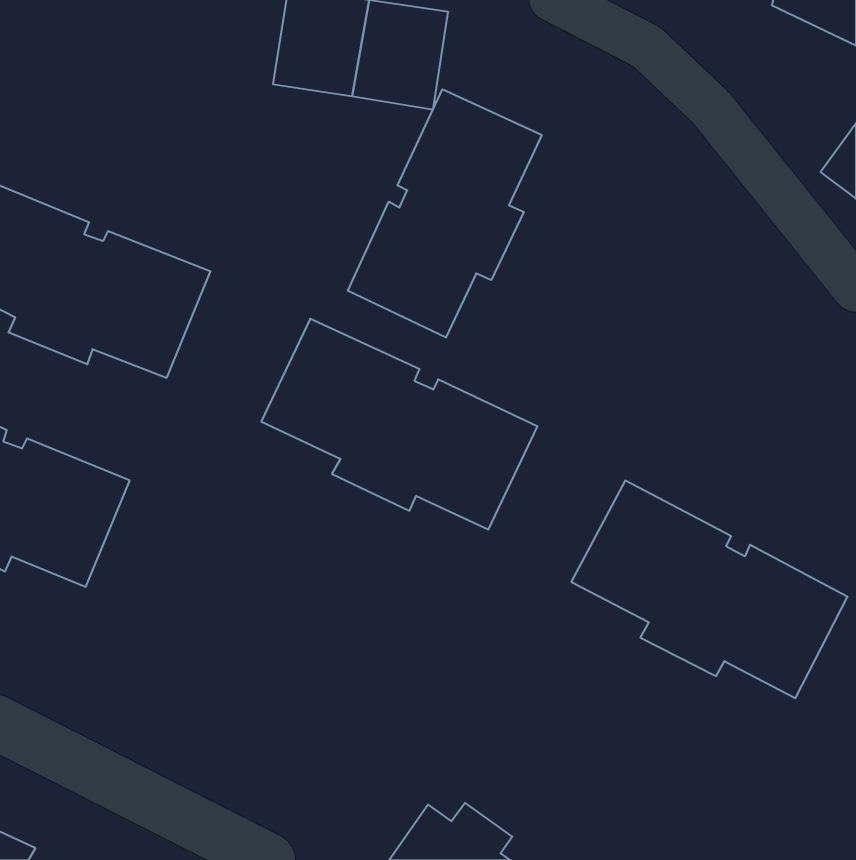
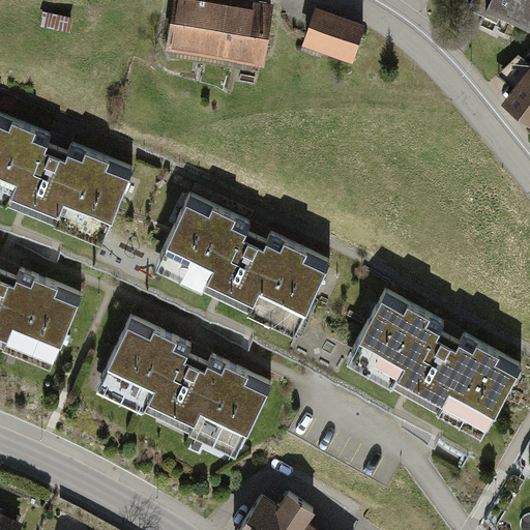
building: none -> [304,10,366,62]
building: [348,89,542,338] -> none
building: none -> [99,318,269,447]

